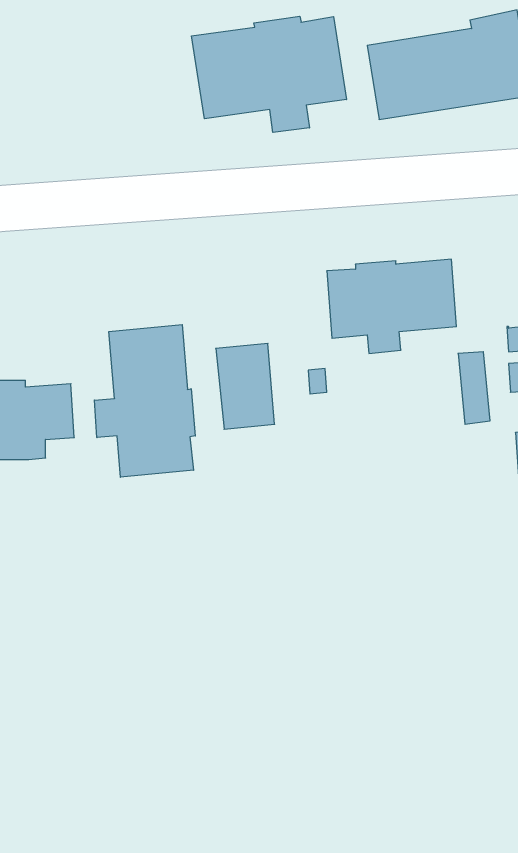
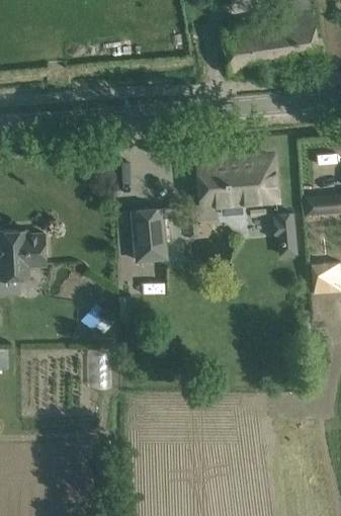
building: [192,16,346,132] -> none
building: [94,325,195,477] -> none

